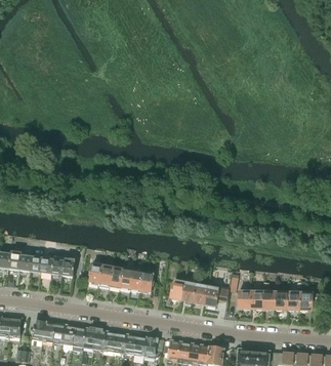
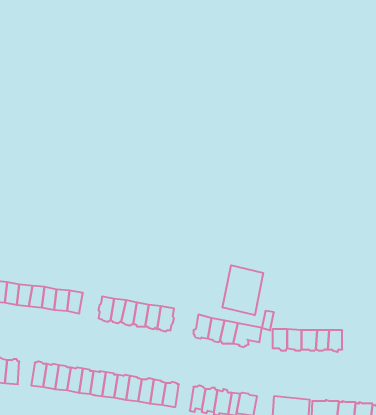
building: none -> [223,265,263,315]
building: [296,292,319,311] -> none

